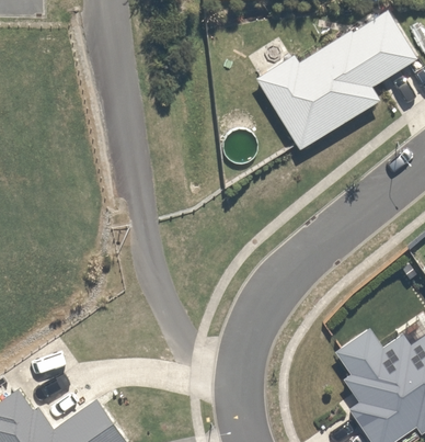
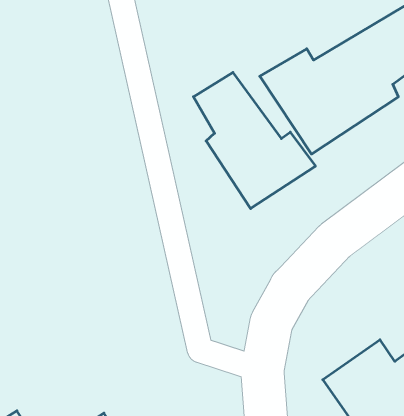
building: none -> [193,72,315,209]

